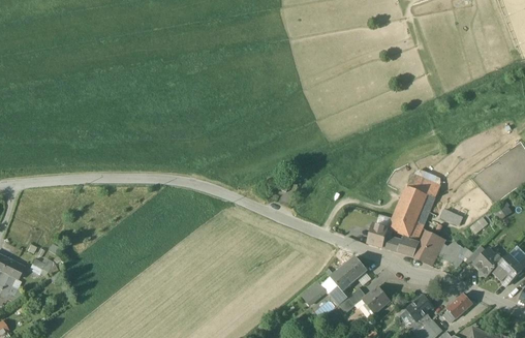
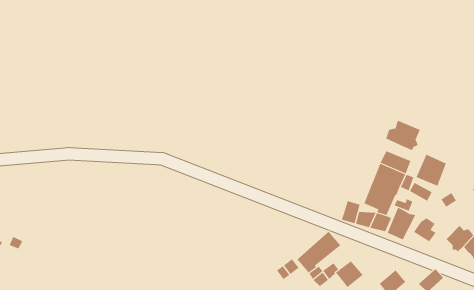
building: none -> [386,120,420,151]
building: none -> [416,154,447,187]

